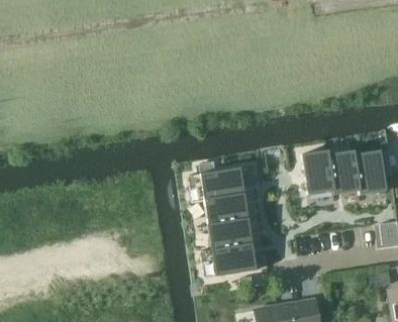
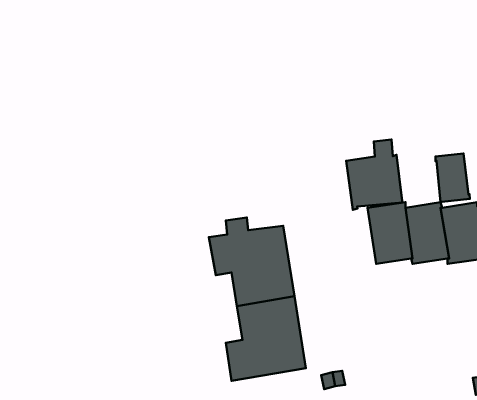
building: none -> [346,139,403,210]
building: none -> [435,153,470,202]

